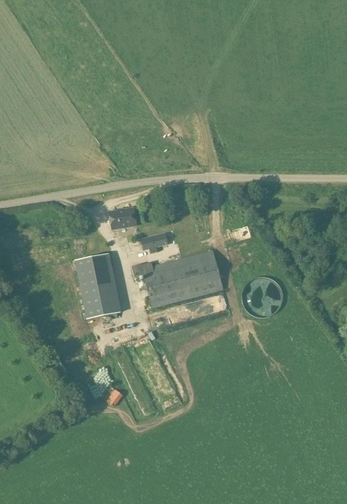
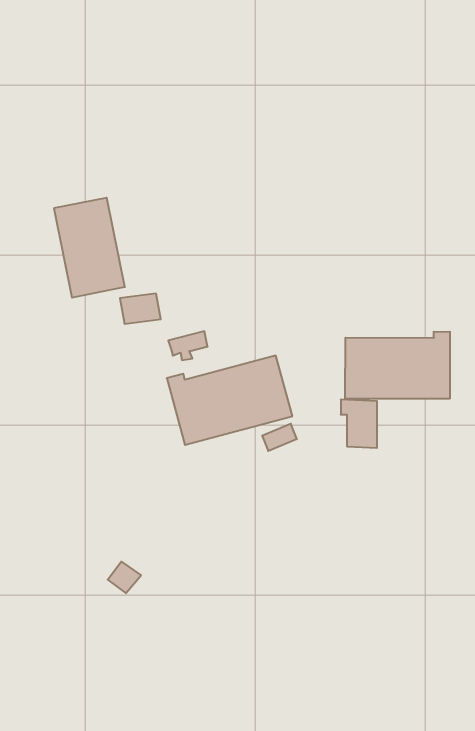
building: none -> [345,332,450,399]
building: [74,254,121,320] -> [54,198,125,298]

